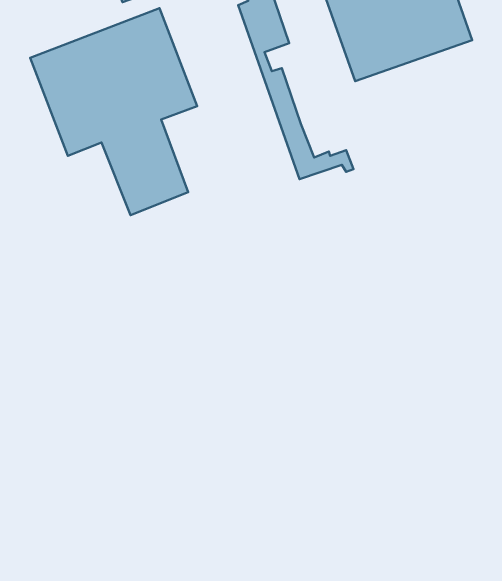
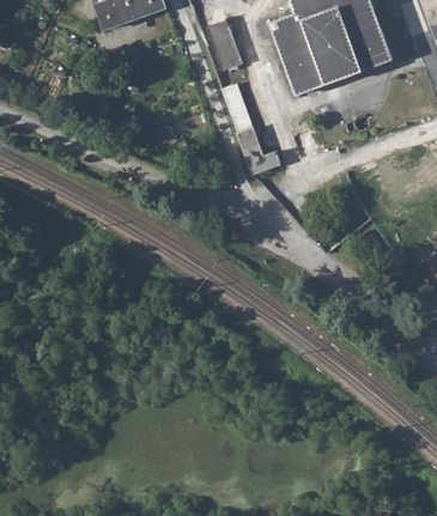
building: [30,8,197,215] -> none

